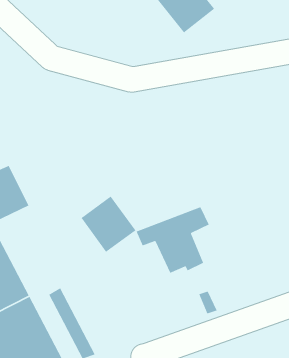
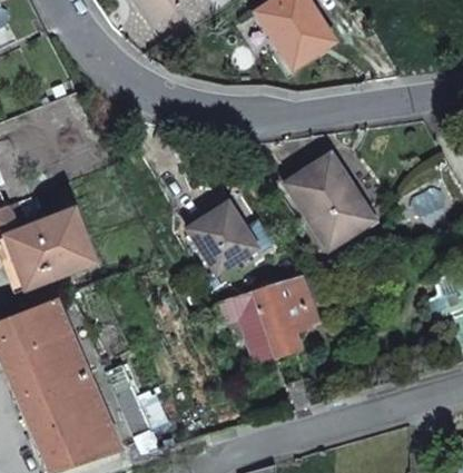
building: none -> [287,154,368,248]
building: [80,195,137,253] -> [189,204,256,273]

